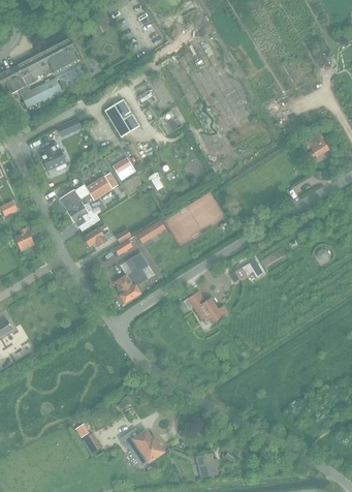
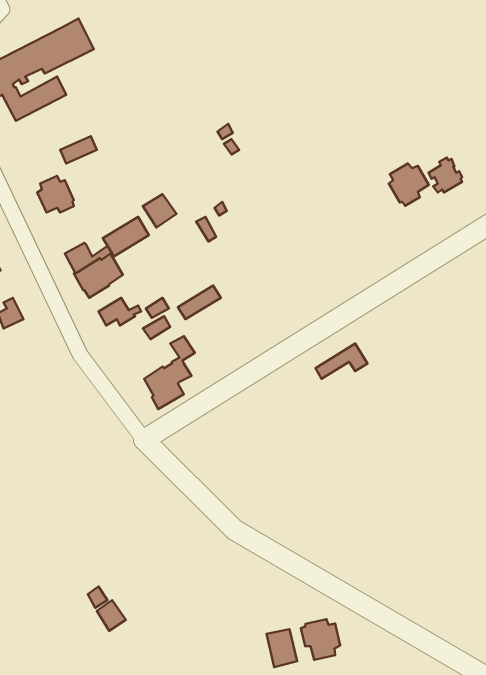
building: [104,99,139,137] -> none
building: none -> [389,164,429,206]
building: [183,291,227,324] -> none
building: [120,431,164,464] -> none
building: none -> [301,619,340,660]

